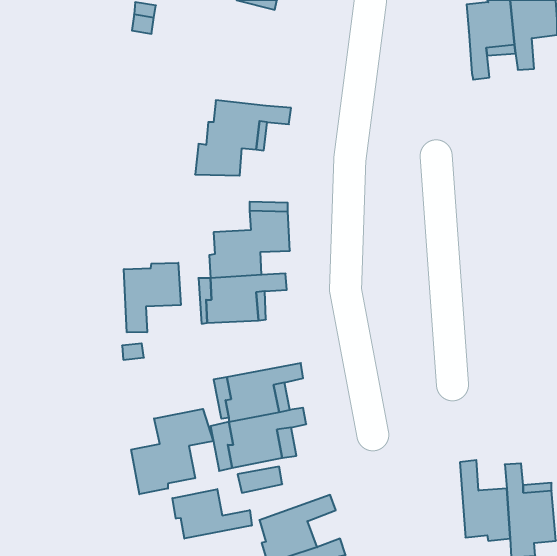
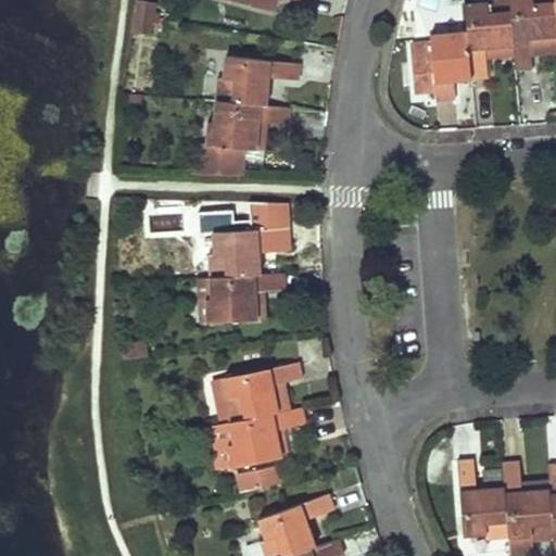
building: none -> [412,33,470,101]
building: none -> [215,56,300,106]
building: [124,263,181,332] -> none
building: [131,409,213,494] -> none
building: [172,489,252,539] -> none

